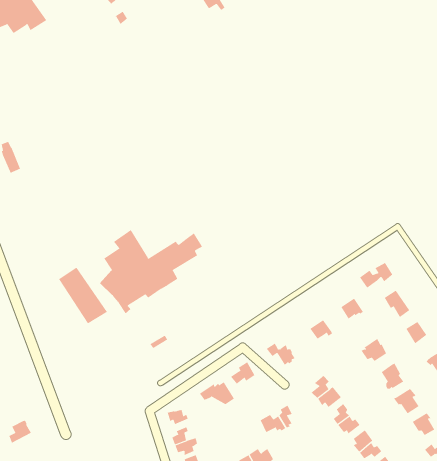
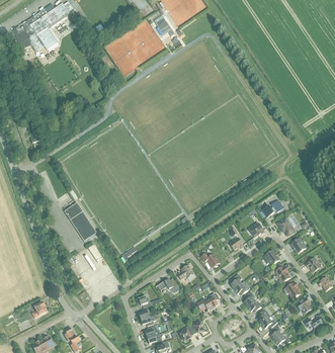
building: [99,229,203,314] -> none

